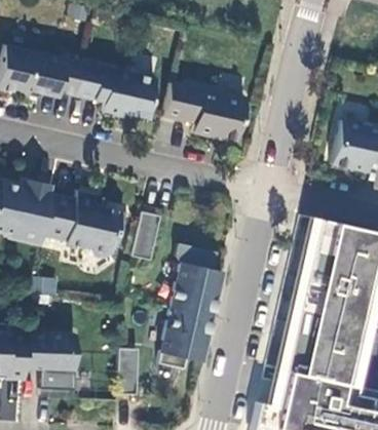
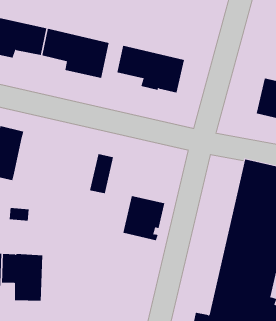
building: [41,190,125,258] -> none
building: [158,307,212,368] -> none
building: [117,348,139,394] -> none

